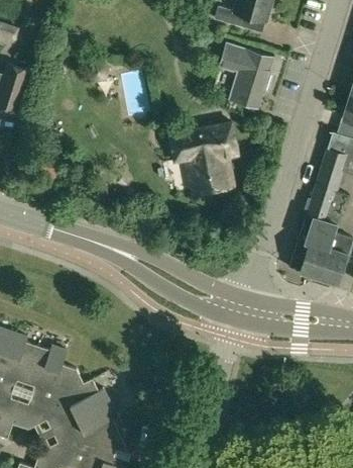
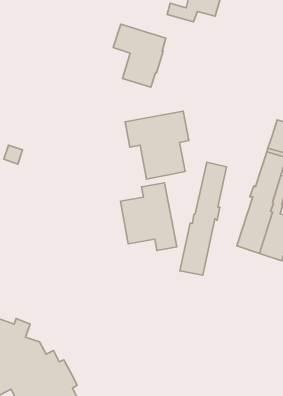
building: [218,42,274,110] -> [113,24,166,87]
building: none -> [180,162,226,275]
building: none -> [121,183,177,251]

